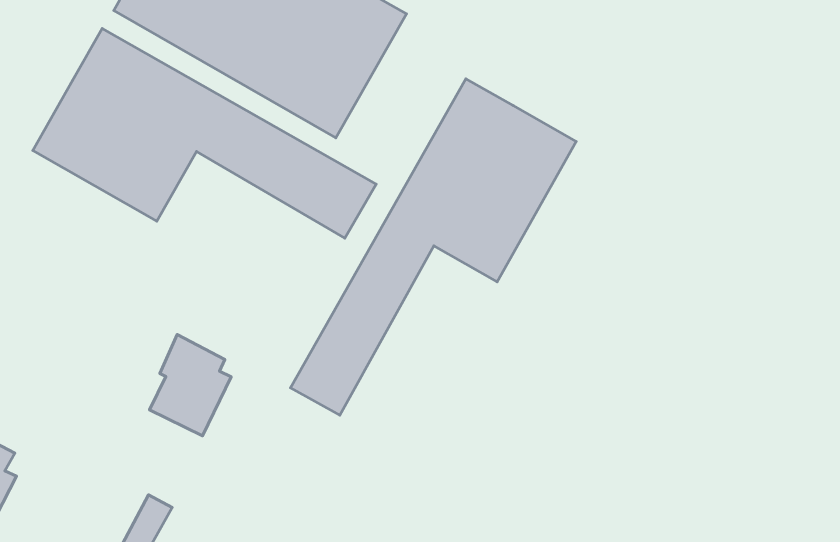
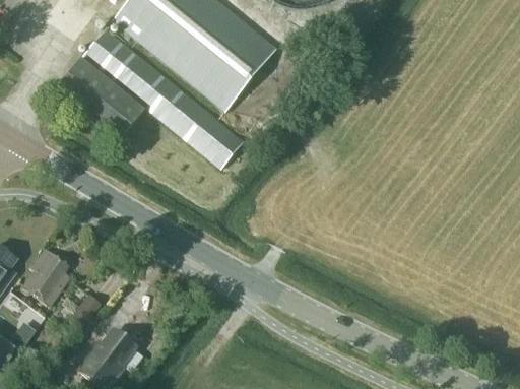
building: [290,79,576,415] -> none
building: [149,335,231,436] -> [21,247,70,306]

